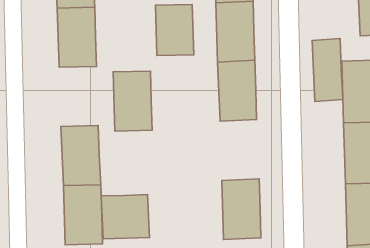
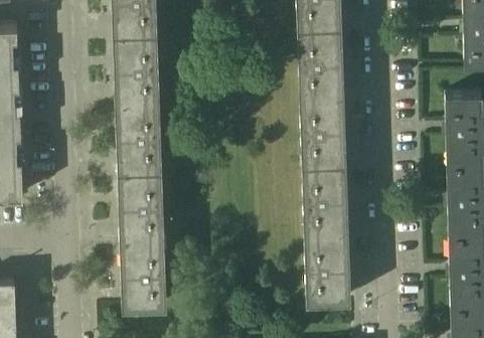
building: [155,5,194,55] -> none
building: [312,38,343,102] -> none
building: [113,71,152,131] -> [117,103,162,172]
building: none -> [303,164,348,234]
building: [101,194,149,239] -> none

